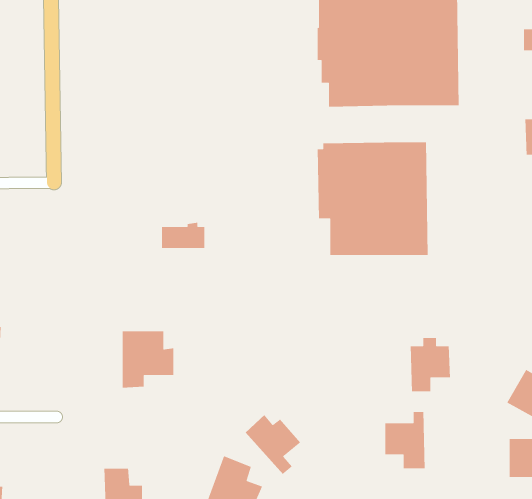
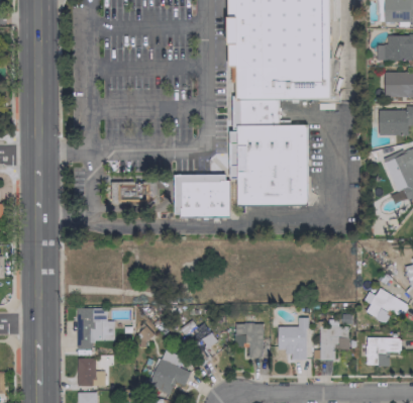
building: none -> [233,100,292,126]
building: none -> [175,175,230,218]
building: [122,331,174,389] -> [77,308,114,349]
building: [410,337,451,392] -> [319,320,348,360]
building: none -> [235,323,263,358]

